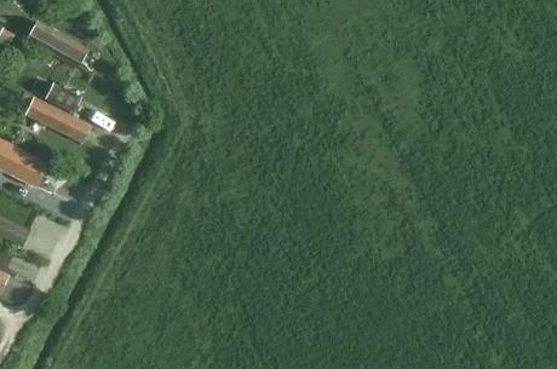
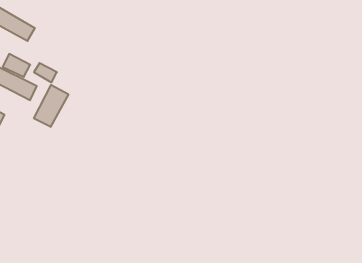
building: none -> [34,85,68,127]

